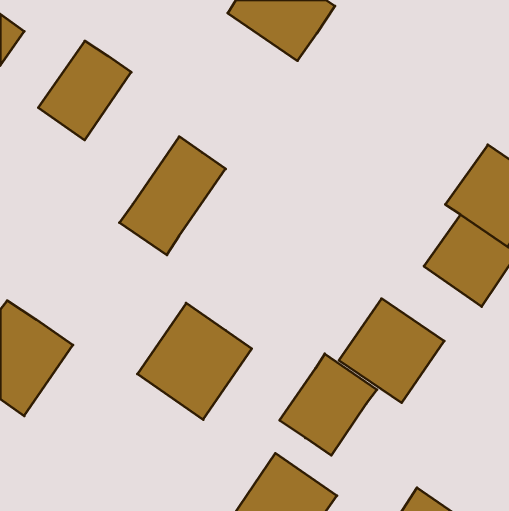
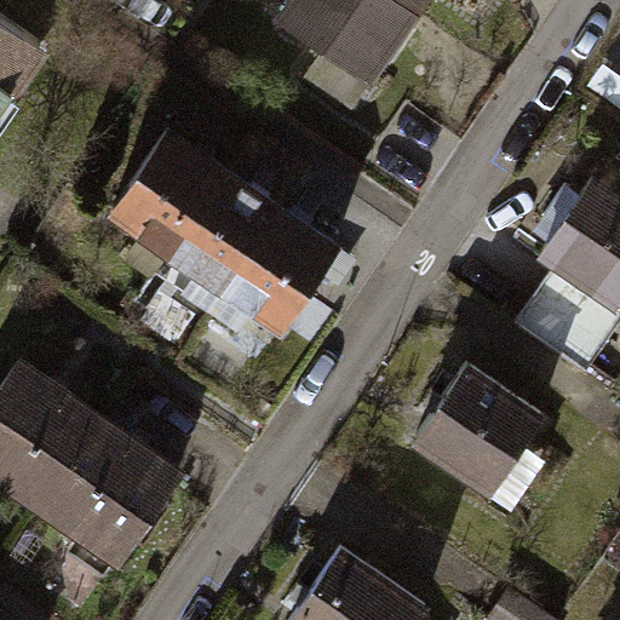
building: [38,41,131,140] -> [113,133,224,252]
building: none -> [224,209,335,328]
building: [137,303,252,420] -> [39,420,176,559]
building: [280,354,377,455] -> none

